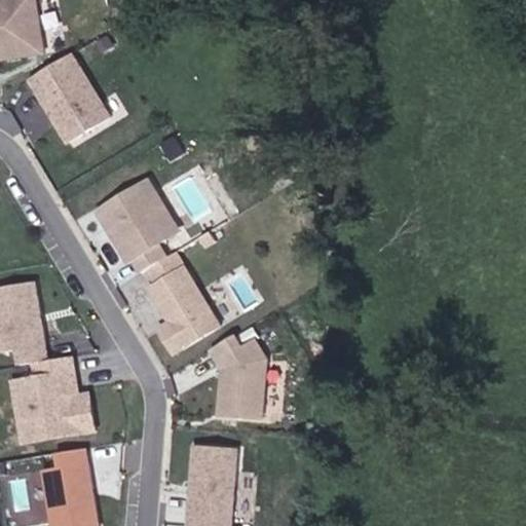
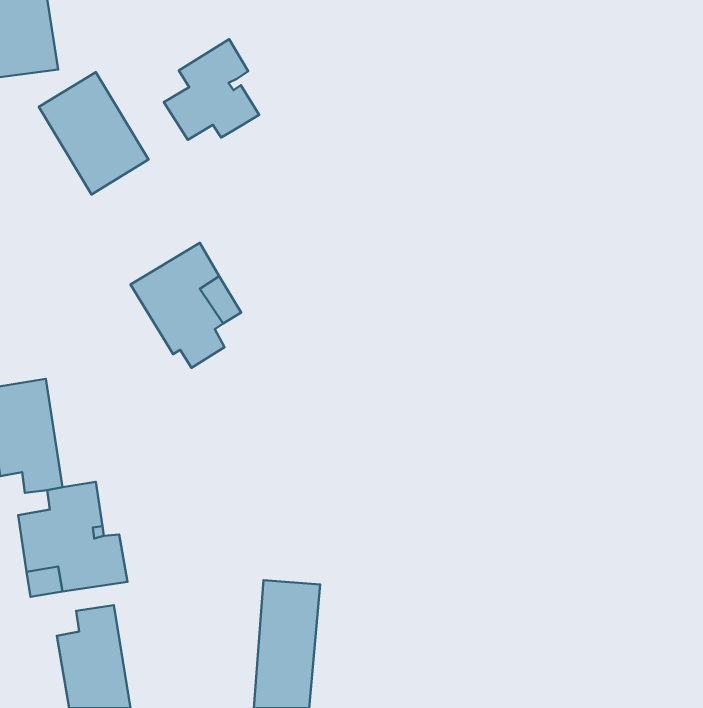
building: none -> [164,39,259,140]
building: [149,266,219,353] -> none
building: [211,335,265,418] -> none
building: [11,471,40,517] -> none

